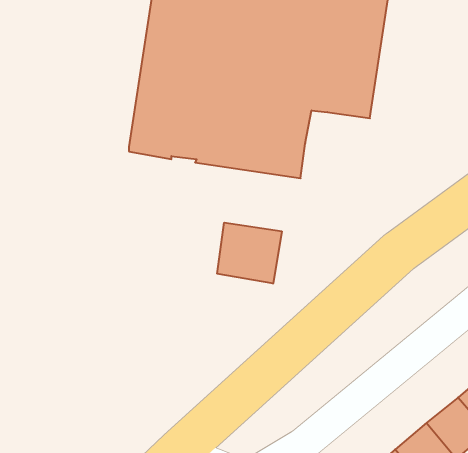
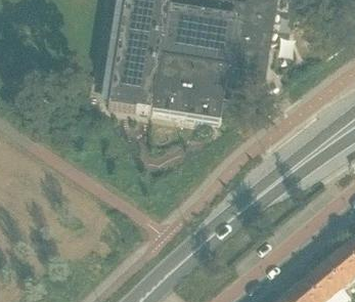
building: [217,223,282,284] -> none

